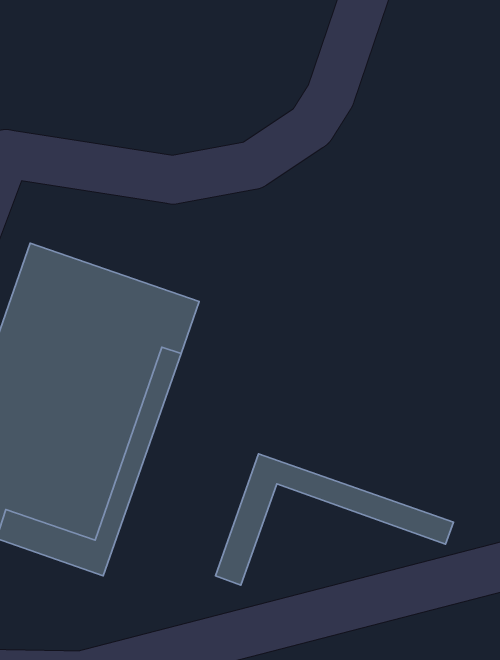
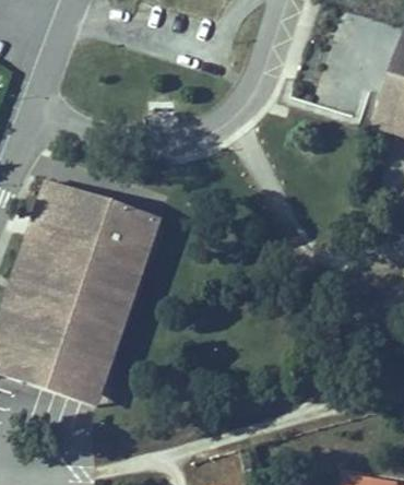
building: [215,454,453,585] -> none

